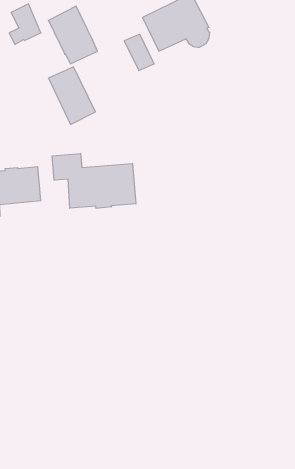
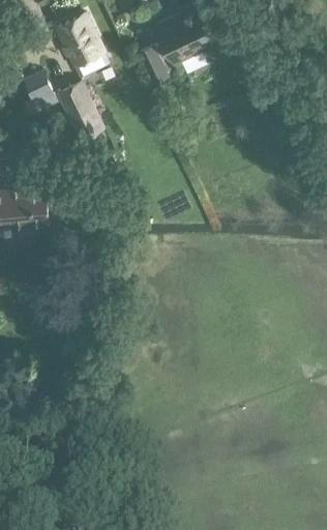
building: [9,4,41,44] -> [21,70,55,114]
building: [52,153,136,208] -> none

